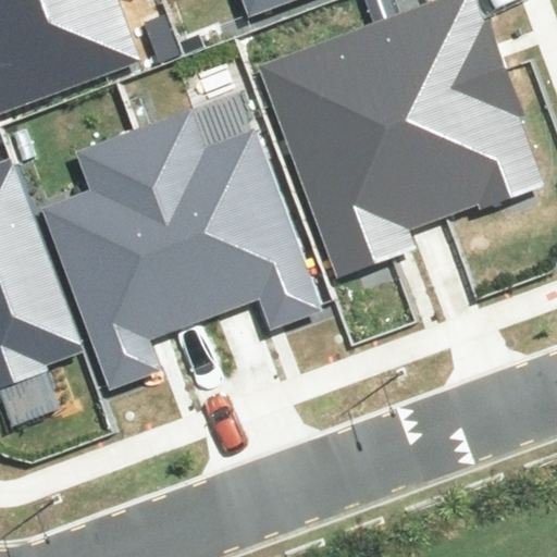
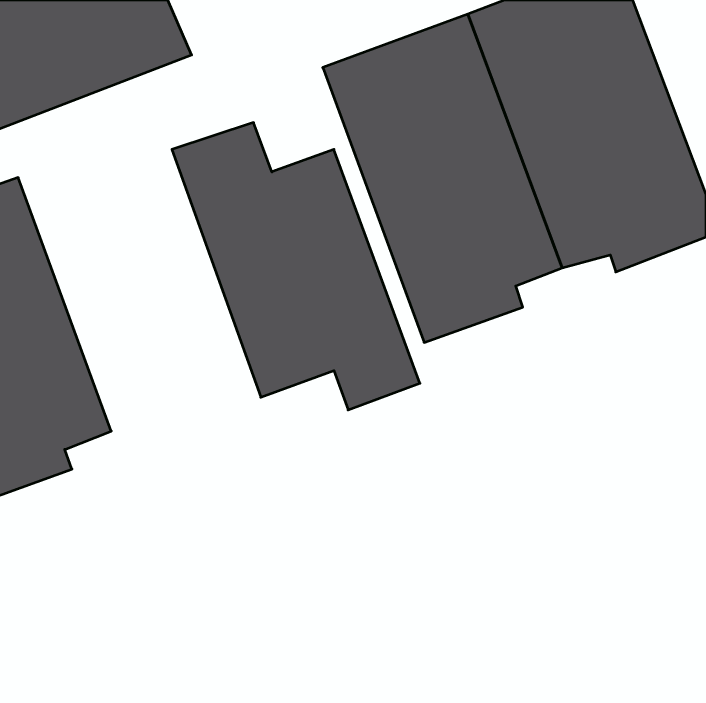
building: [41,128,201,386] -> none

